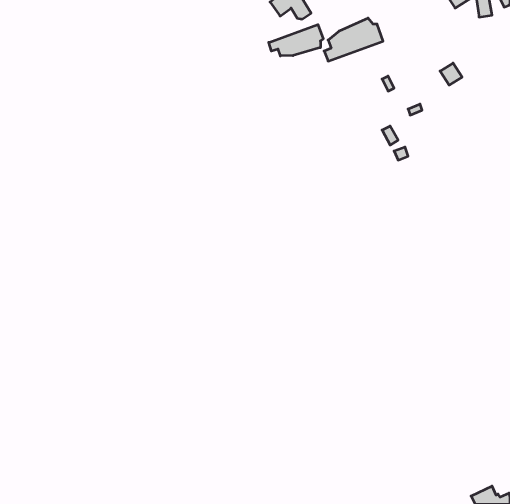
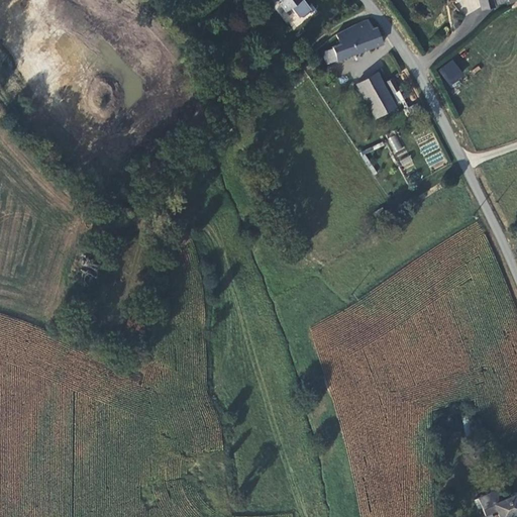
building: [269,25,323,56] -> none
building: none -> [357,73,395,118]

